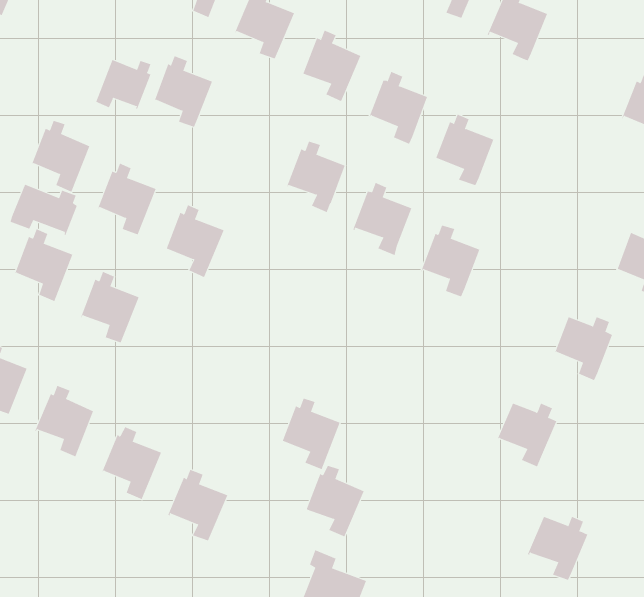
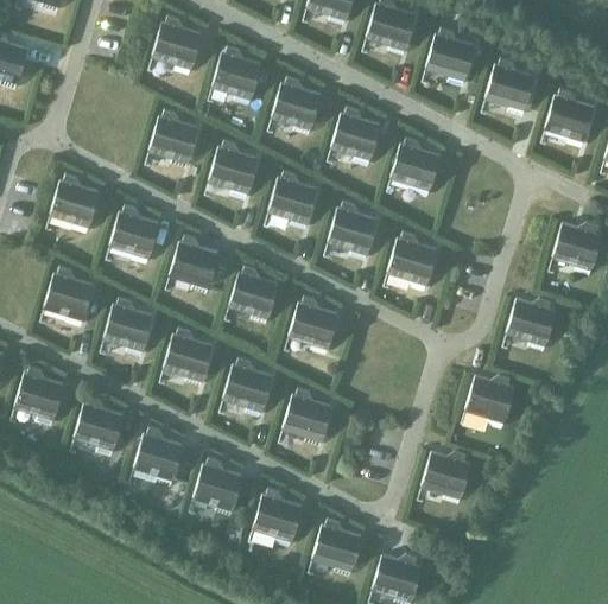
building: none -> [484,58,534,117]
building: [95,59,151,110] -> none
building: none -> [208,141,256,201]
building: [10,184,78,236] -> none
building: none -> [229,266,278,325]
building: none -> [289,295,337,356]
building: none -> [163,328,213,388]
building: none -> [222,358,272,418]
building: [305,465,365,537] -> [253,489,302,548]
building: [527,516,588,580] -> [420,451,470,506]

